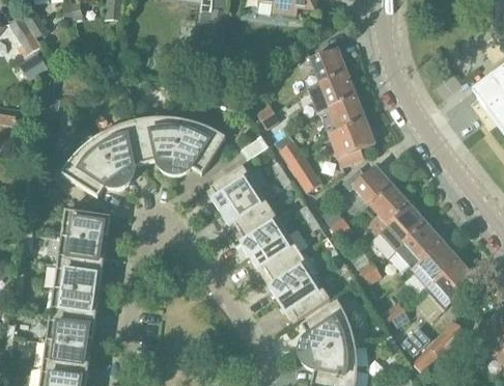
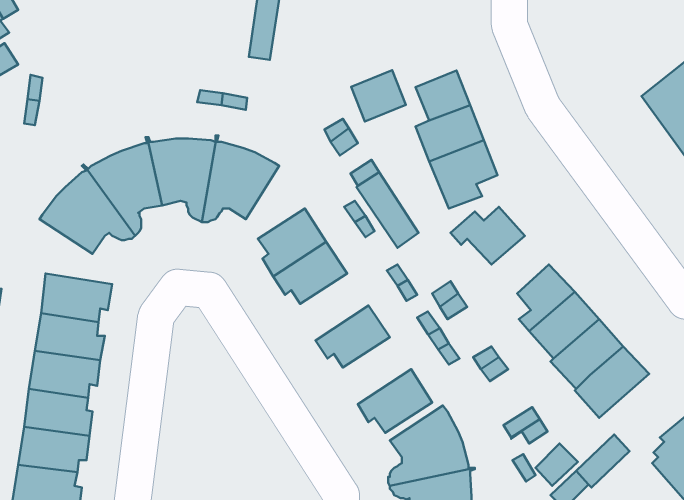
building: [309,48,346,83] -> [351,70,406,122]
building: [366,185,410,236] -> none
building: [240,211,286,256] -> none
building: [269,254,315,300] -> none

